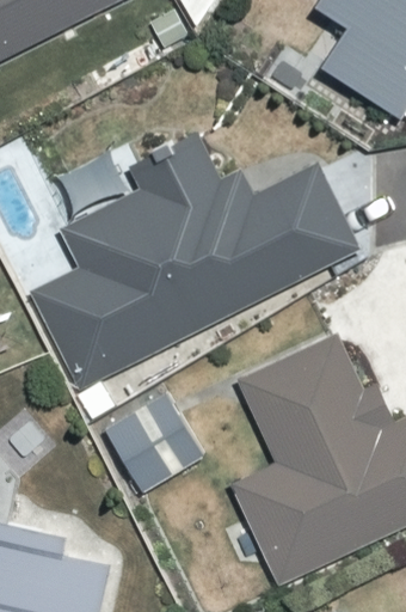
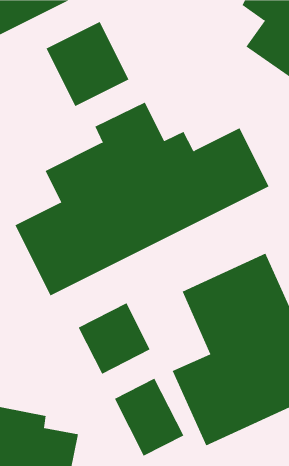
building: none -> [46,21,129,107]
building: none -> [114,378,184,456]

